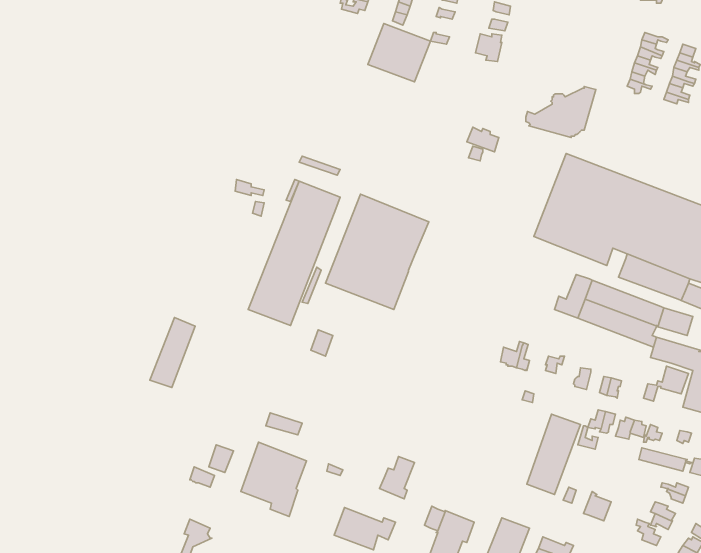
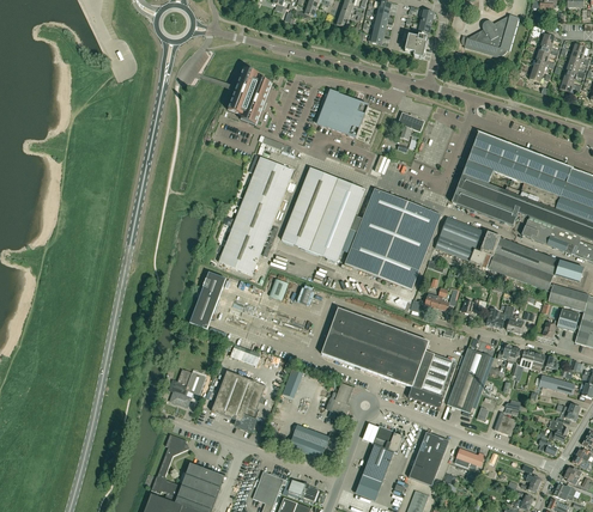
building: [368,24,430,82] -> [317,90,369,138]
building: none -> [229,68,272,124]
building: [526,87,596,138] -> [461,14,519,56]
building: none -> [345,188,442,289]
building: none -> [435,217,488,261]
building: [150,318,195,388] -> [189,270,226,328]
building: none -> [321,307,458,408]

